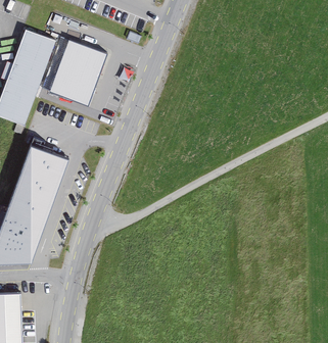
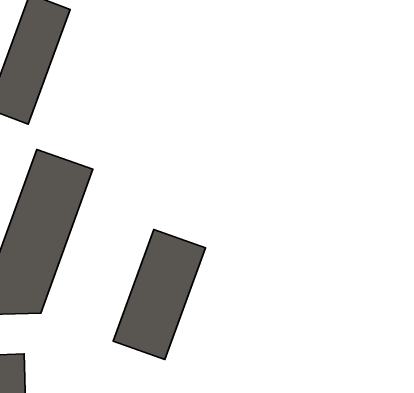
building: [48,39,107,105] -> none
building: none -> [113,229,205,359]

